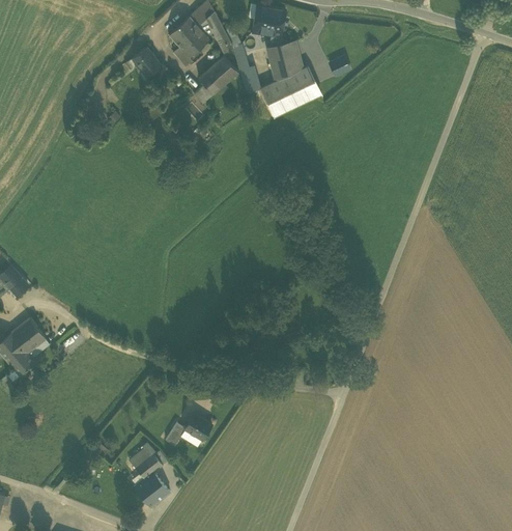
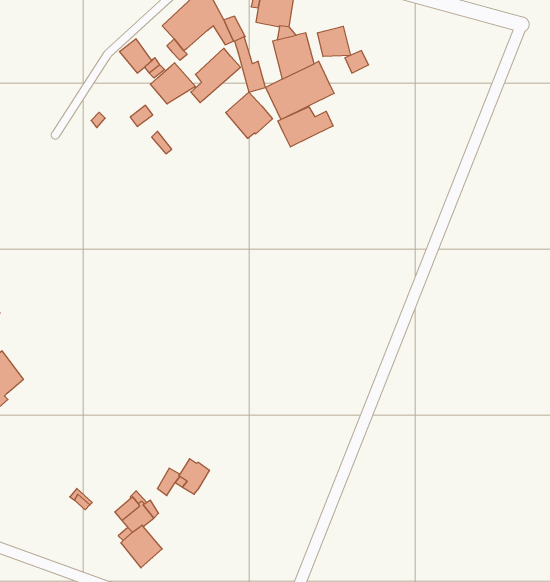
building: none -> [318,26,350,57]
building: none -> [150,63,196,104]
building: none -> [226,92,272,138]
building: none -> [278,107,333,147]

